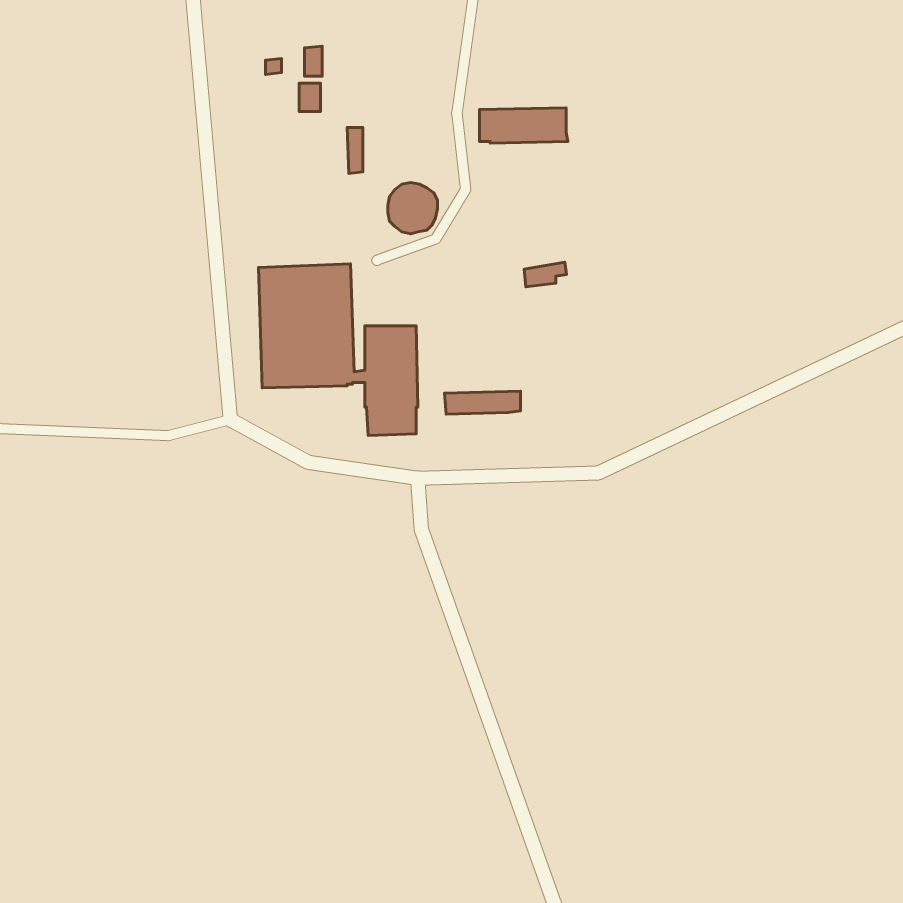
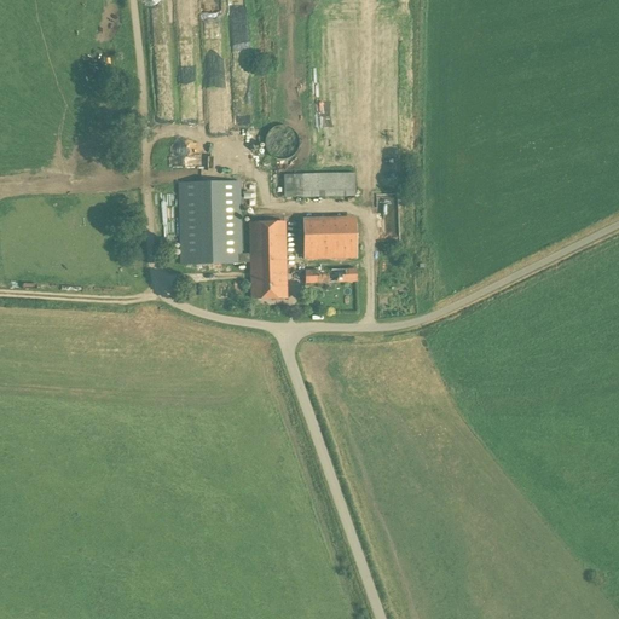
building: [479,108,568,143] -> [295,173,355,197]
building: none -> [303,215,358,259]

